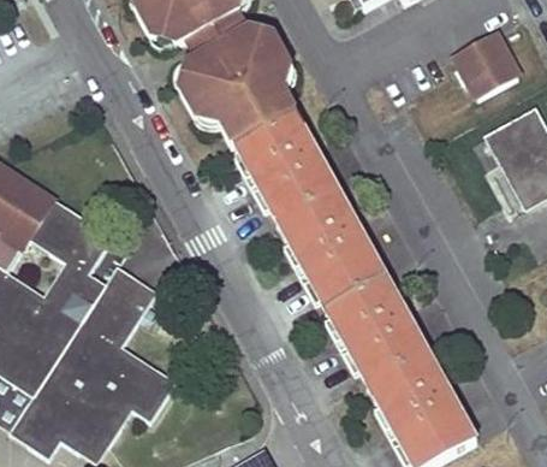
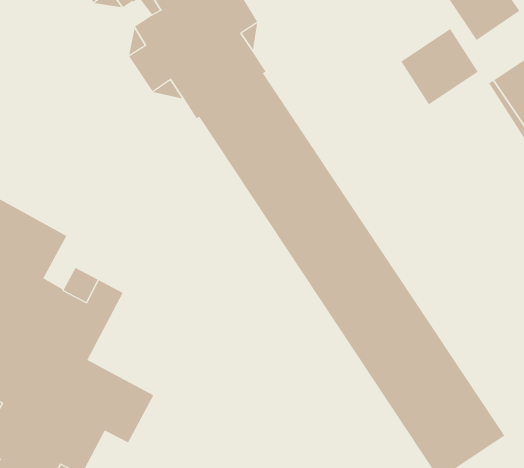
building: none -> [401,28,479,105]

